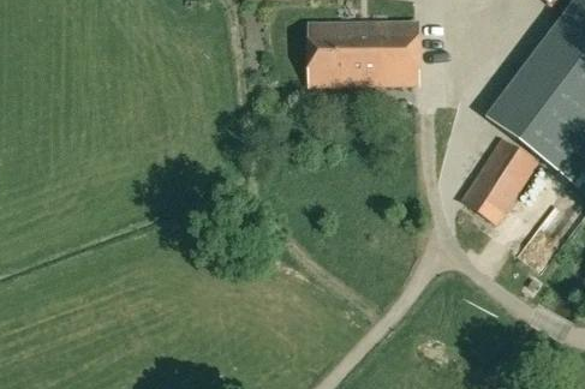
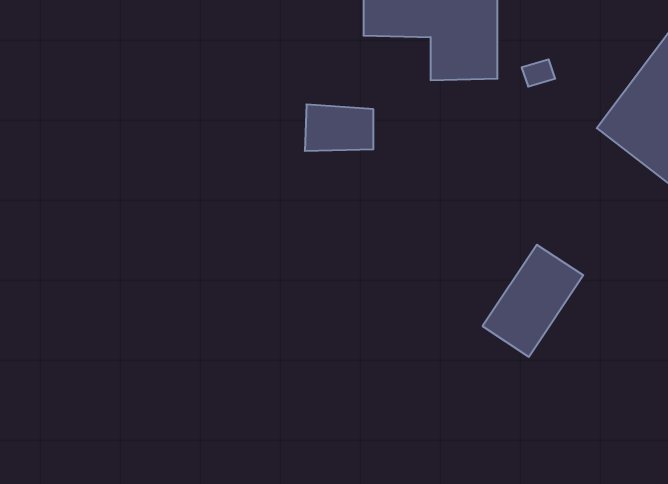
building: [312,49,364,84] -> [305,104,373,151]
building: [461,138,537,222] -> [483,245,583,357]

